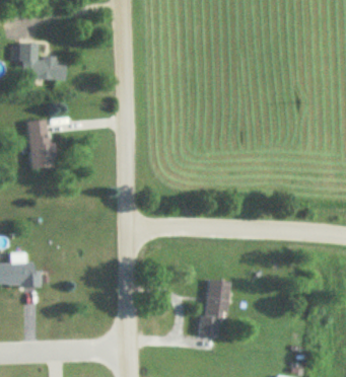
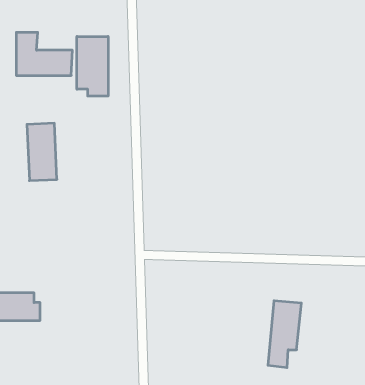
building: none -> [77,36,108,96]
building: [201,279,229,335] -> [268,301,301,368]

